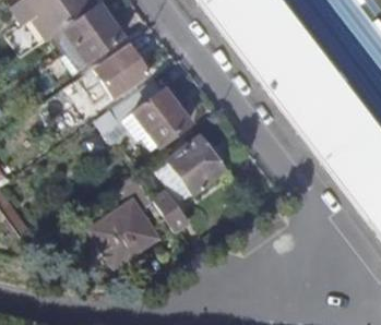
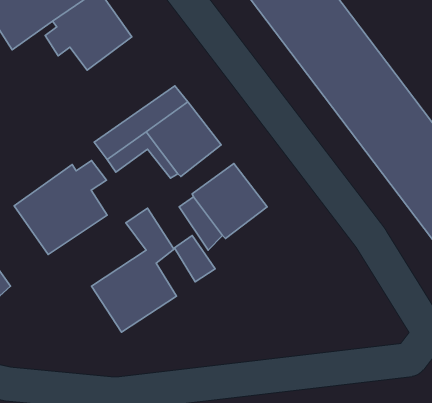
building: [95,43,148,95] -> none
building: none -> [14,161,107,254]

